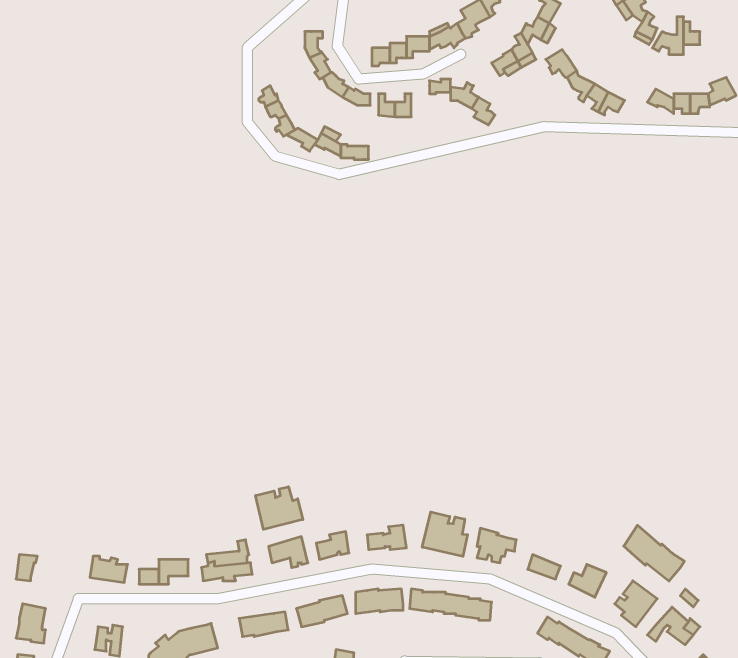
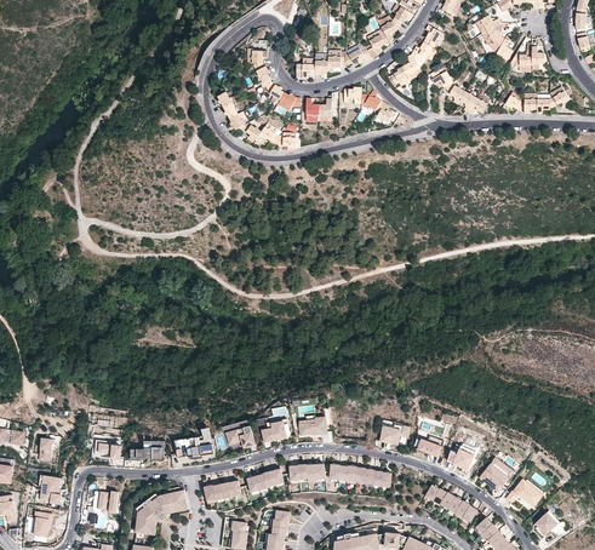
building: [256,487,303,529] -> none
building: [422,512,468,556] -> none
building: [624,525,684,581] -> none

